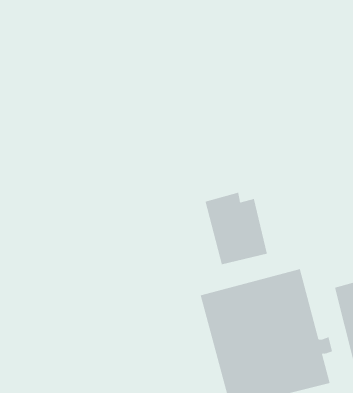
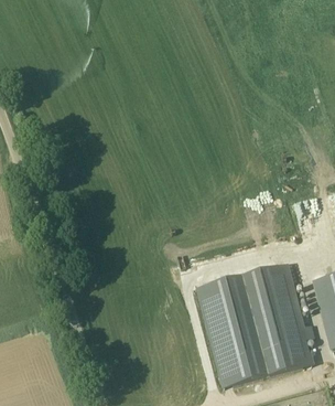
building: [205,192,268,265] -> none

